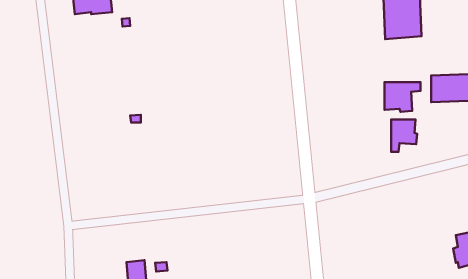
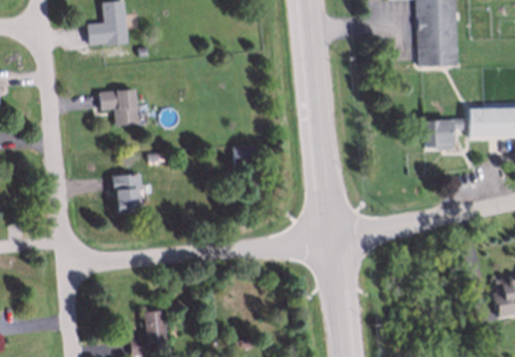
building: none -> [98,88,138,126]
building: [391,119,417,152] -> none
building: none -> [111,172,143,213]

